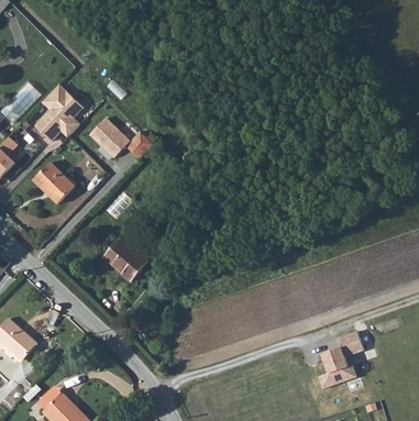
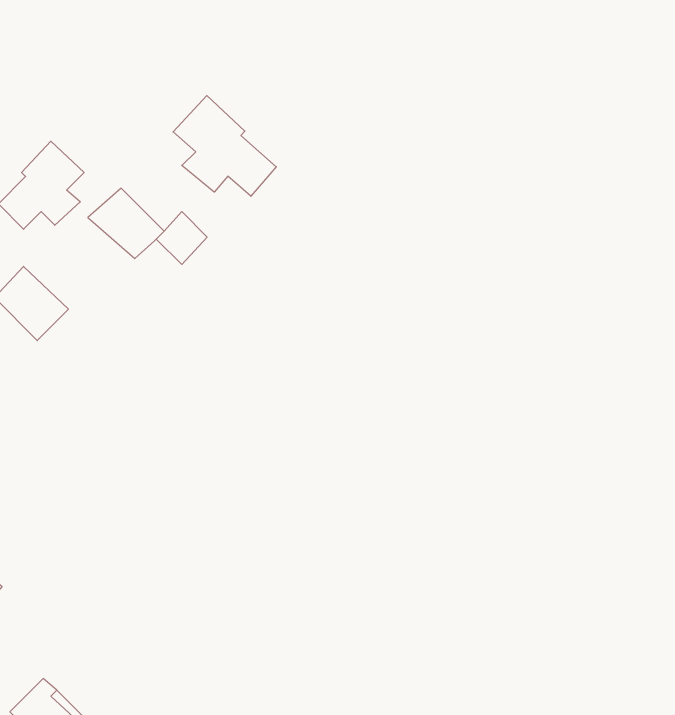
building: none -> [173,96,276,196]
building: [102,237,146,280] -> none
building: [319,332,364,388] -> none

